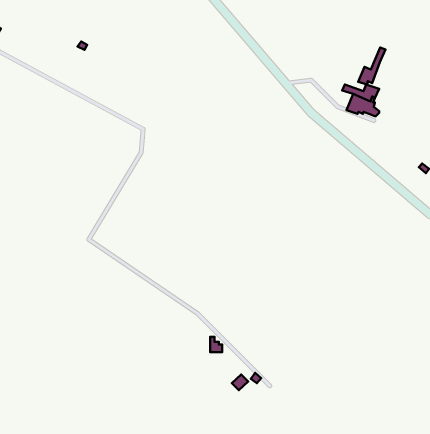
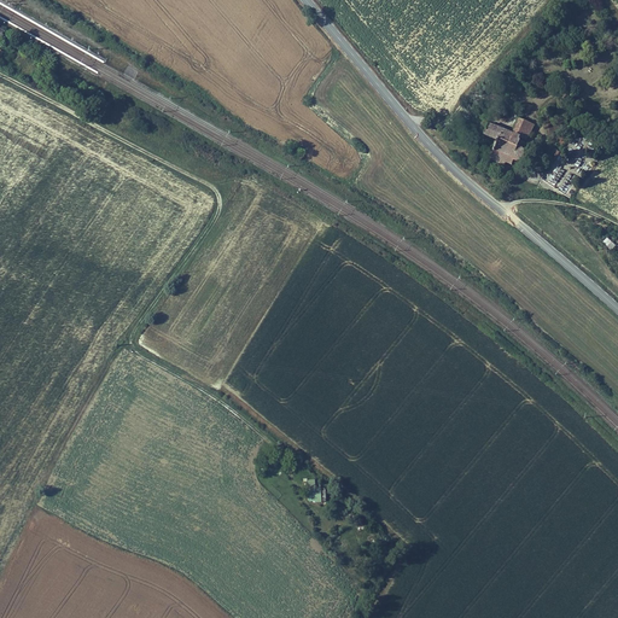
building: [358,47,386,85] -> none

